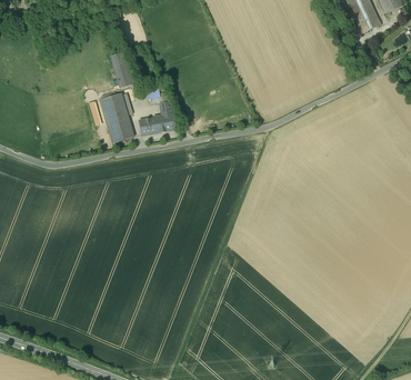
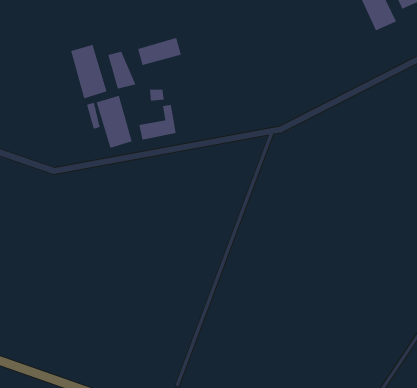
building: none -> [138,37,182,66]
building: none -> [71,44,107,99]

